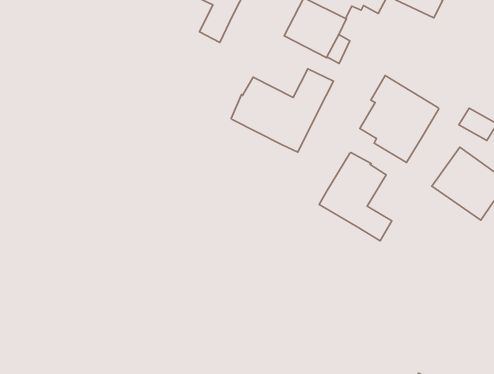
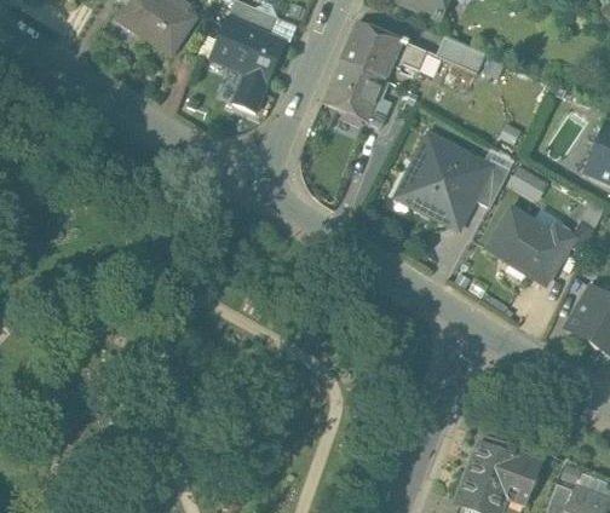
building: [231,69,333,152] -> none
building: none -> [471,158,508,207]
building: [319,153,392,241] -> none

